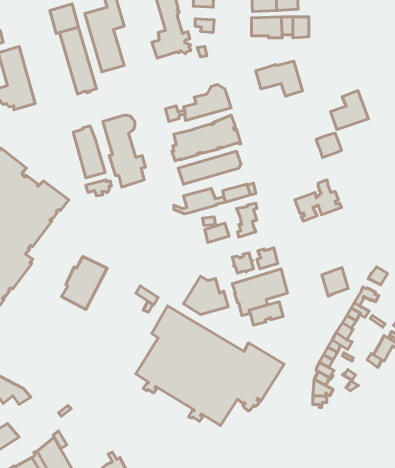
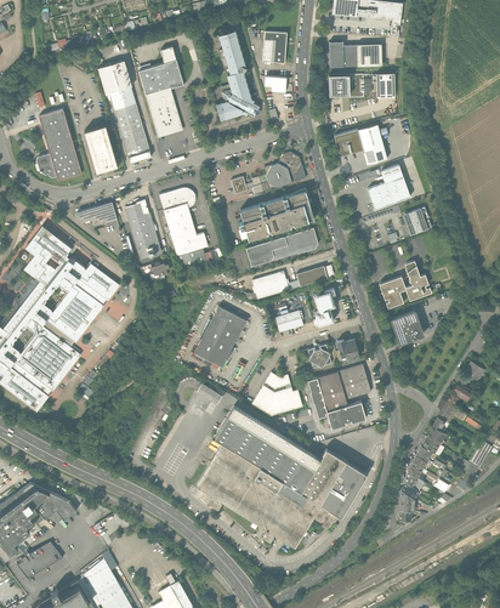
building: none -> [84,125,118,172]
building: [330,90,369,130] -> [367,164,410,209]
building: none -> [75,201,120,232]
building: [62,256,107,309] -> [194,306,246,366]
building: [322,267,348,296] -> [392,311,422,343]

